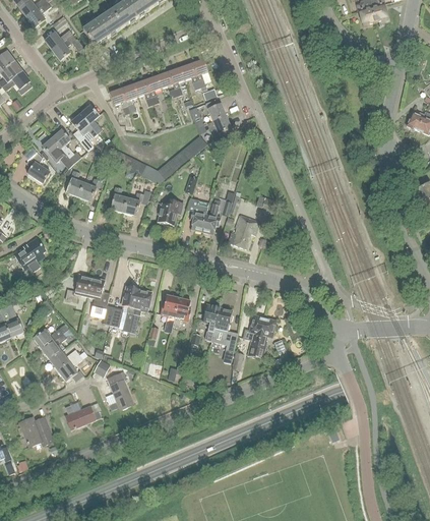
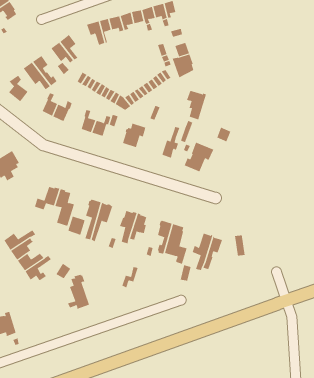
building: [187,198,209,231] -> [186,90,207,120]
building: [65,404,96,428] -> none

